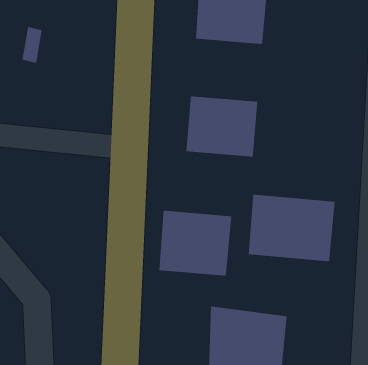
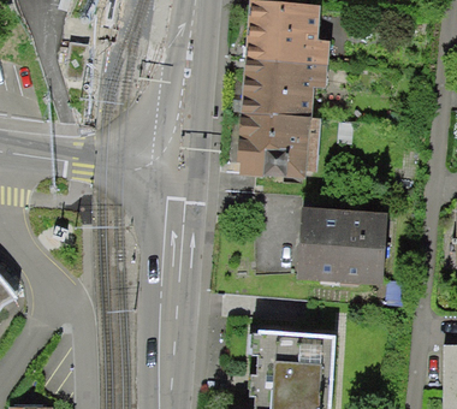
building: none -> [238,55,313,119]
building: [158,210,232,276] -> none

